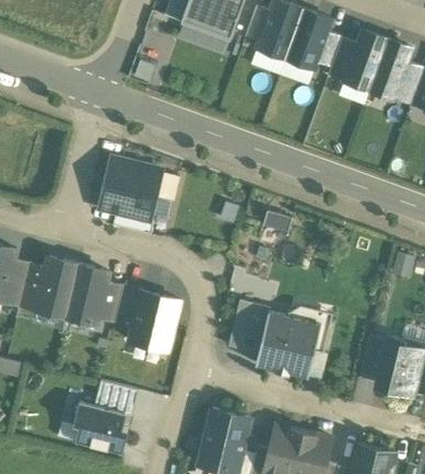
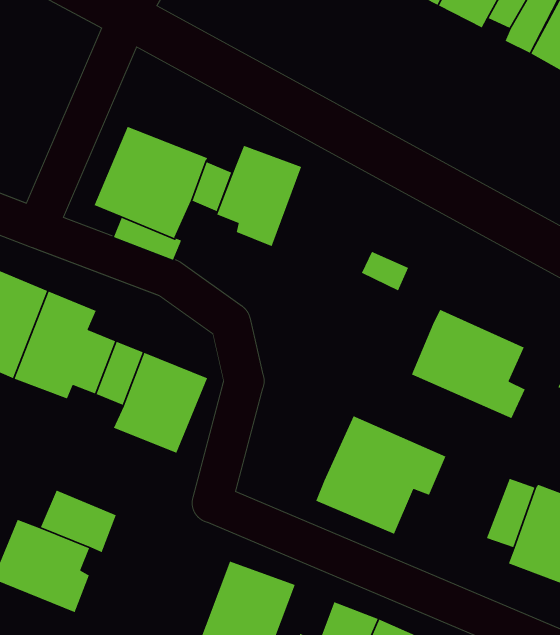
building: none -> [216,145,302,247]
building: none -> [411,309,526,419]
building: [227,299,271,352] -> none

